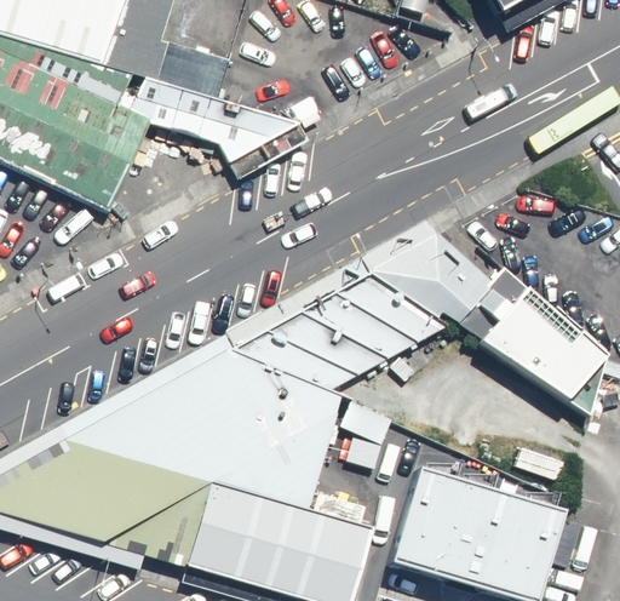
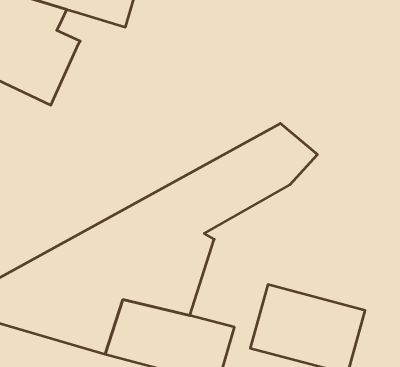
building: [116,74,298,160] -> none
building: [478,291,607,420] -> none

